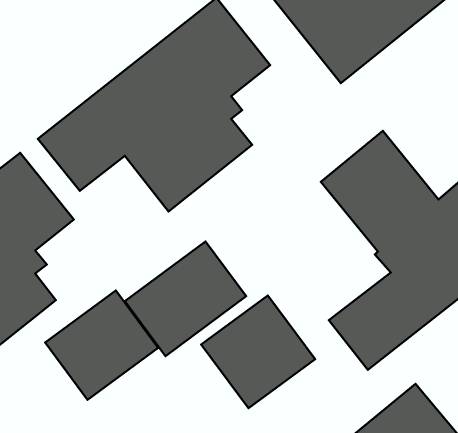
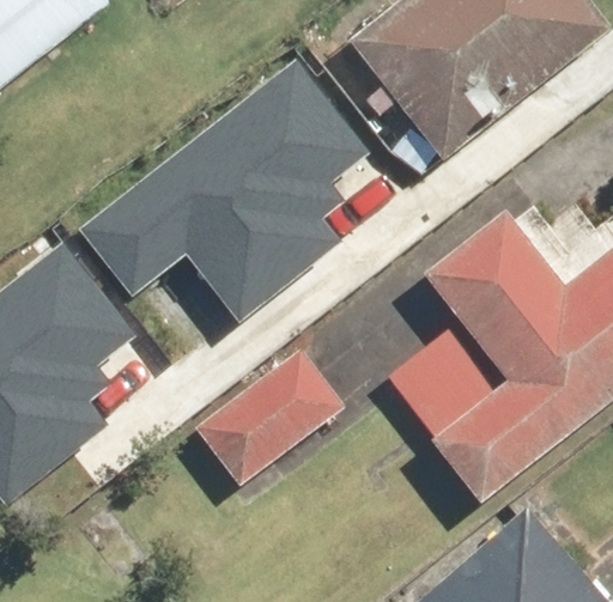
building: [45,290,158,400] -> none
building: [201,296,315,408] -> none

